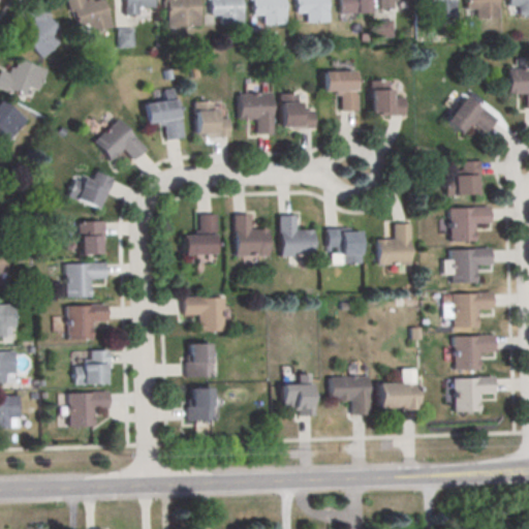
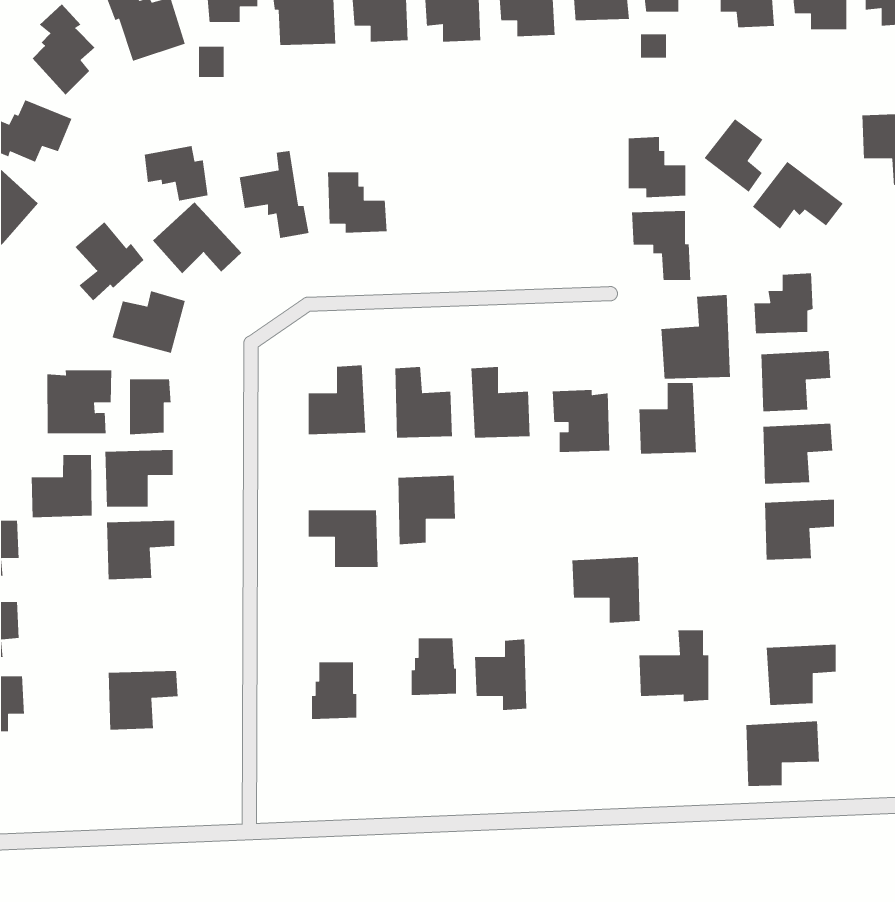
building: none -> [704,118,763,193]
building: [324,69,360,111] -> [631,210,691,281]
building: none -> [144,145,209,202]
building: [240,92,274,133] -> none
building: [281,93,315,129] -> none
building: none -> [74,221,144,301]
building: none -> [661,294,731,380]
building: none -> [46,369,112,434]
building: none -> [31,454,93,518]
building: none -> [397,475,456,545]
building: [453,335,494,370] -> none
building: [186,343,213,377] -> [411,638,457,696]
building: [74,349,111,384] -> none
building: [330,375,370,414] -> [572,556,641,623]
building: none -> [745,721,820,787]

